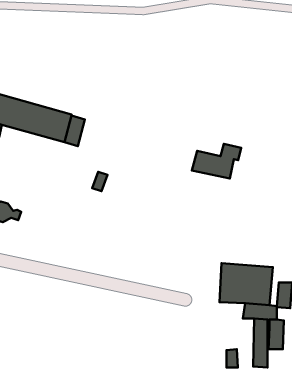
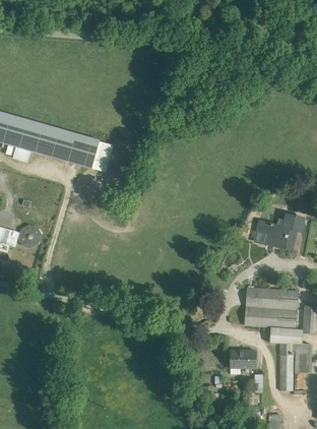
building: [192,144,241,179] -> [254,213,303,248]
building: none -> [230,350,255,367]

